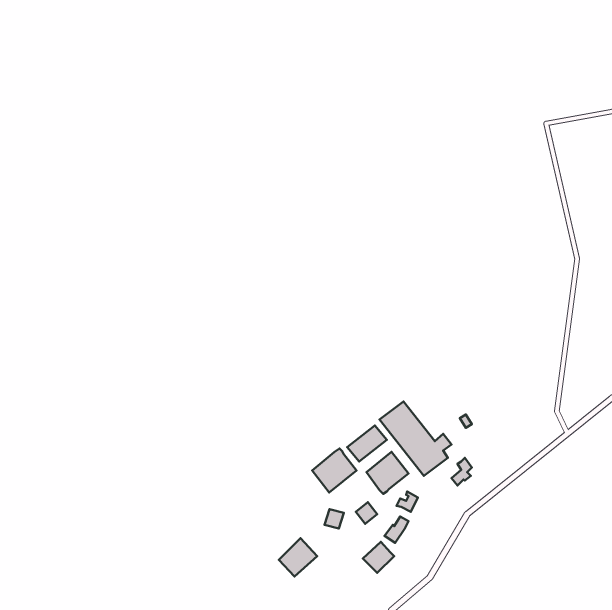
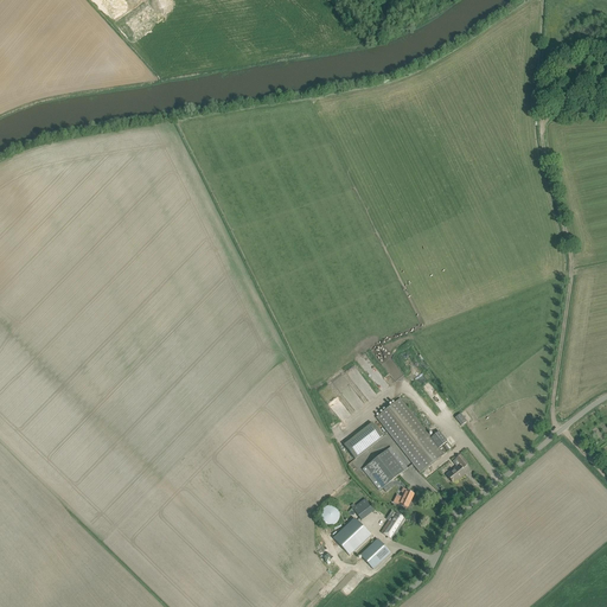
building: [312,449,357,492] -> none
building: [279,538,317,577] -> [333,516,371,554]

